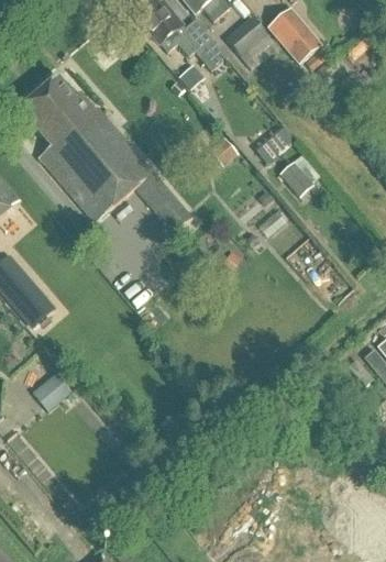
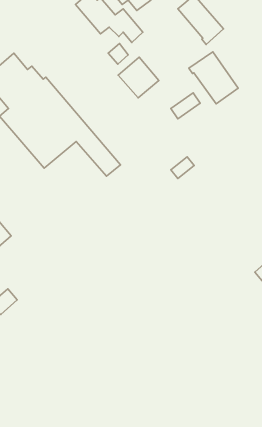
building: [225,15,277,67] -> [118,57,159,98]
building: none -> [189,52,238,104]
building: [276,154,318,197] -> none

